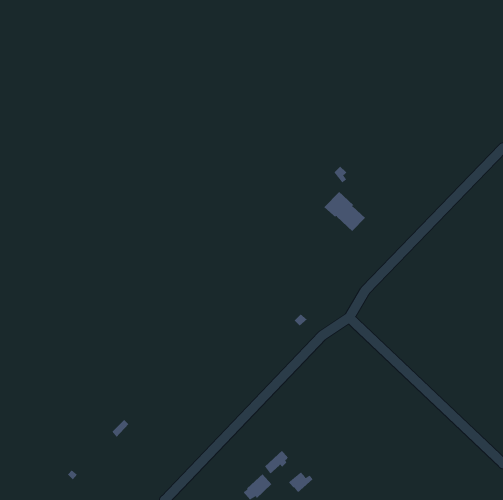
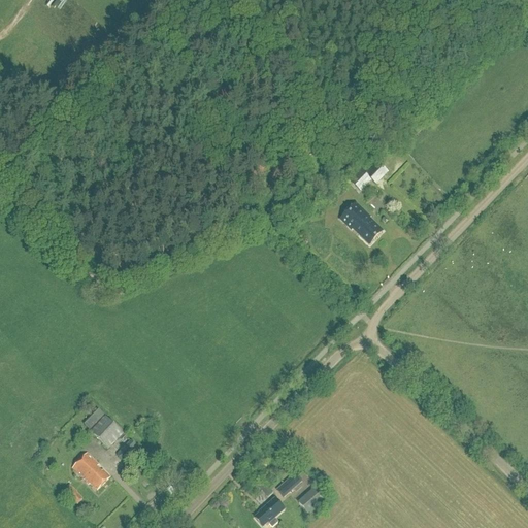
building: none -> [90,414,122,446]
building: none -> [72,452,109,488]

